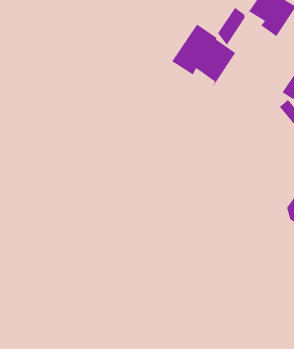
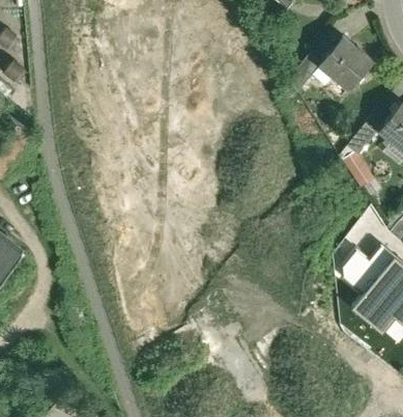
building: [171,23,236,89] -> none

